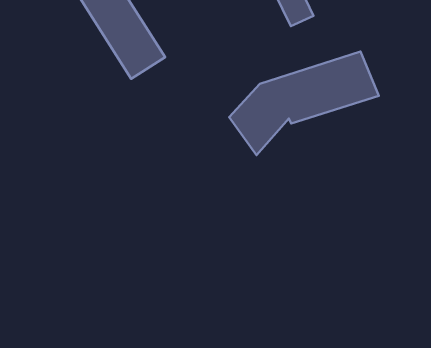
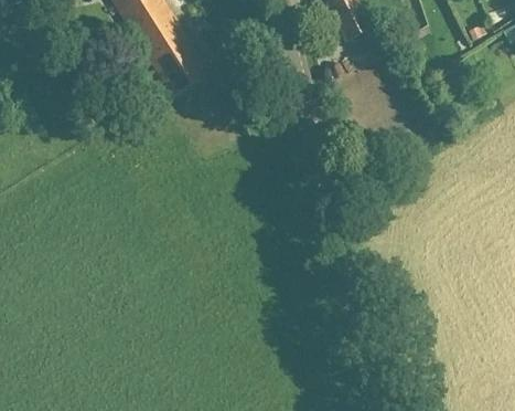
building: [229,51,379,155] -> none

